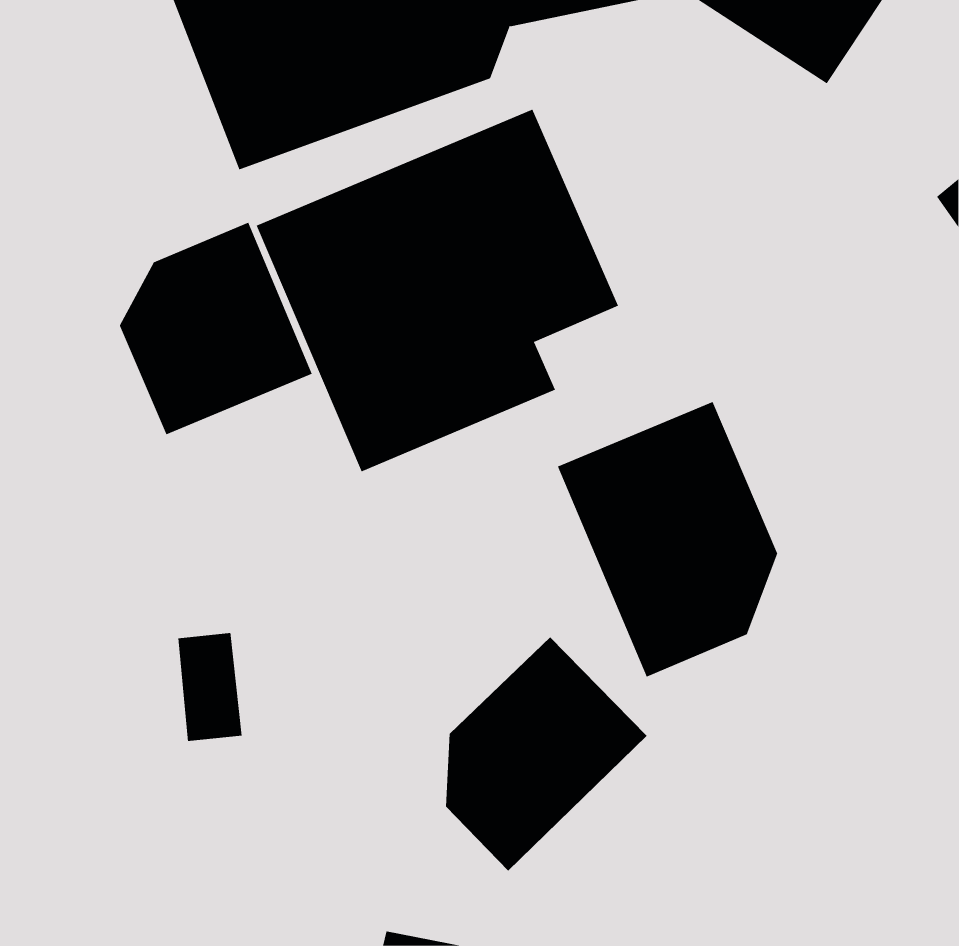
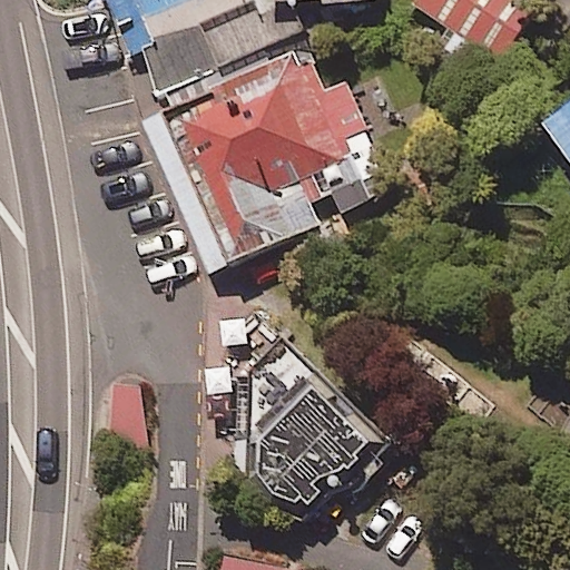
building: [119,222,313,435] -> none
building: [557,401,778,677] -> none

